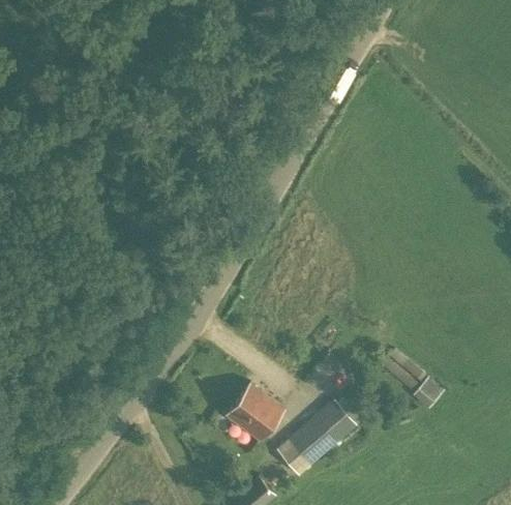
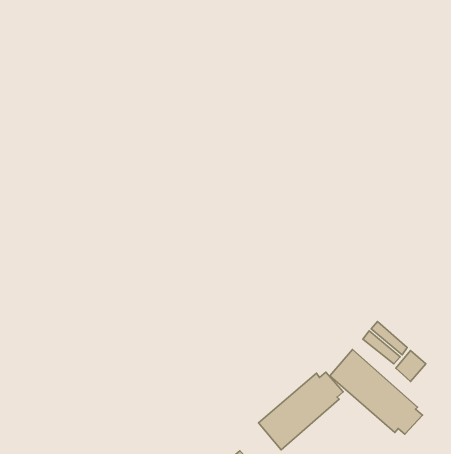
building: none -> [330,349,423,434]
building: [227,385,283,442] -> none

